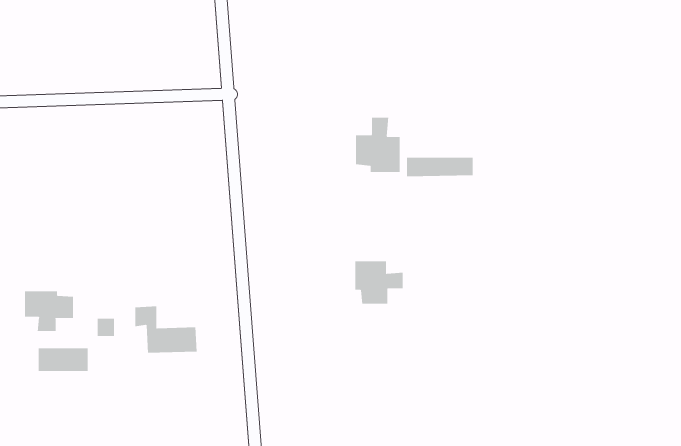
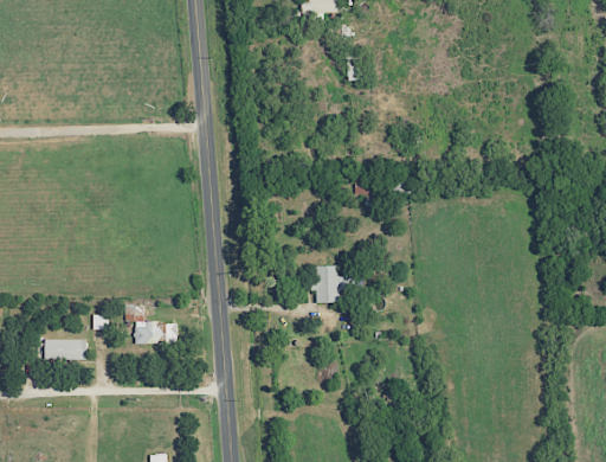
building: [356,117,400,173] -> none
building: [24,290,74,332] -> none

